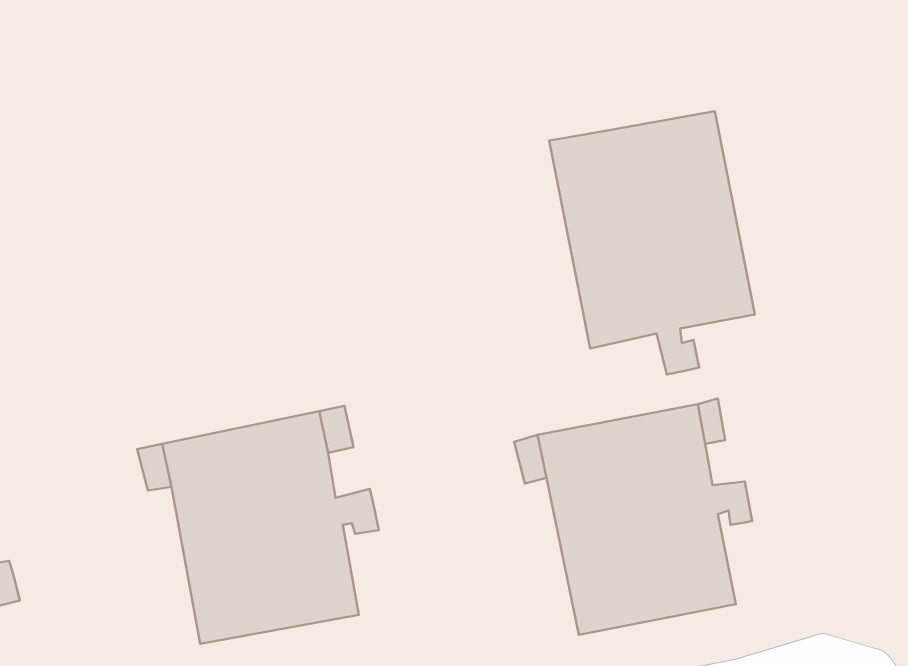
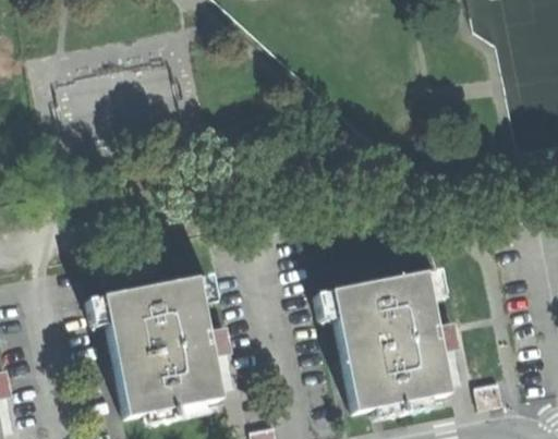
building: [549,111,755,375] -> none

